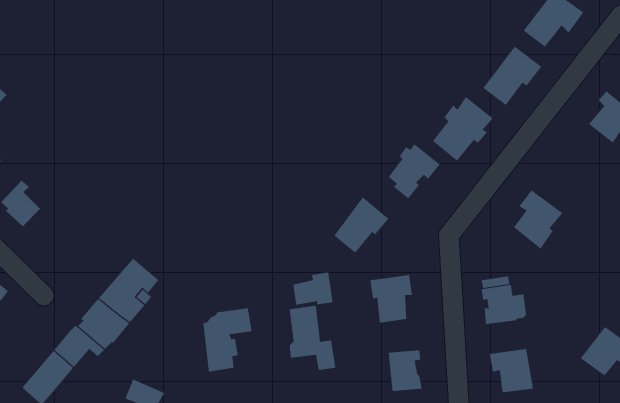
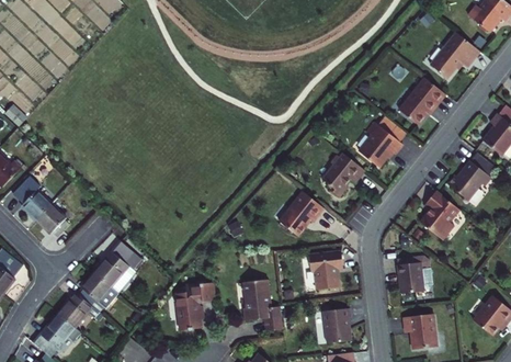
building: none -> [447,159,489,197]
building: none -> [35,203,66,234]
building: [293,272,333,305] -> none

